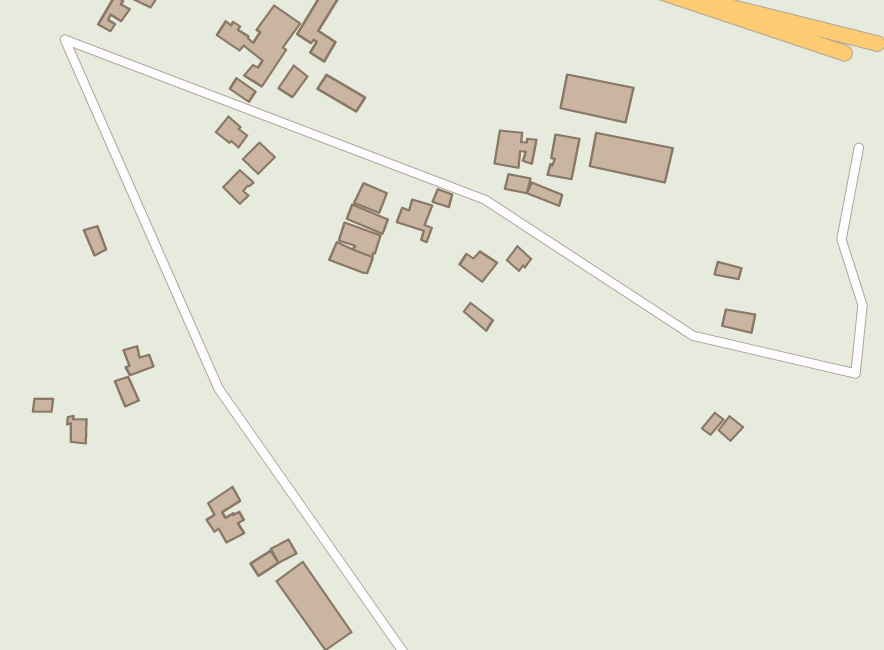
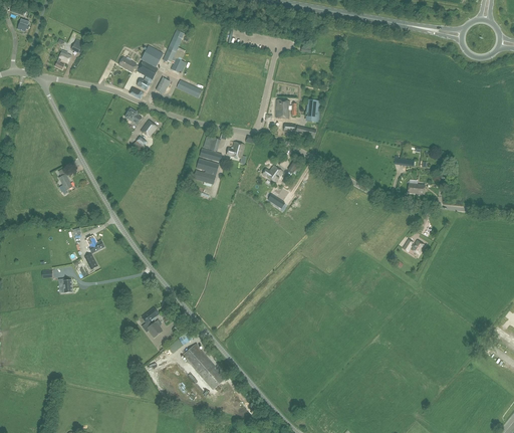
building: [561,75,634,123] -> none
building: [590,133,673,183] -> none

